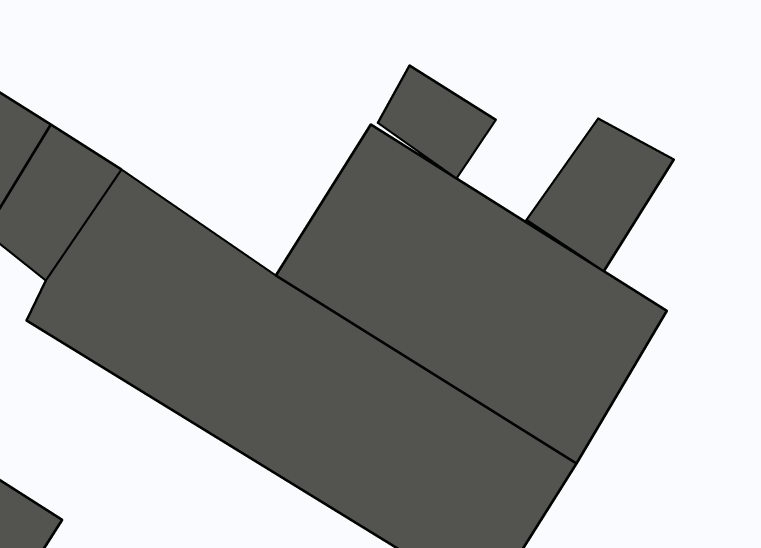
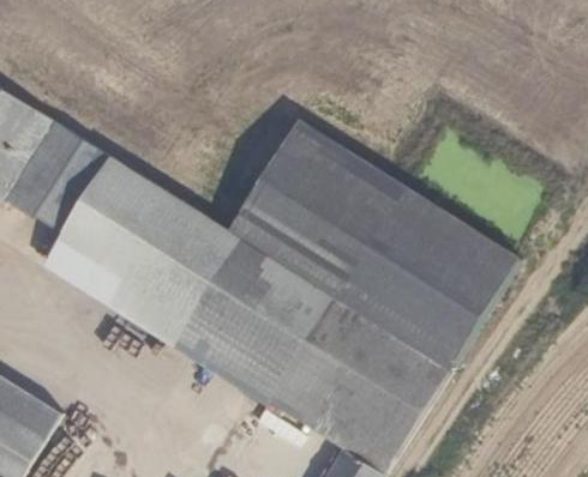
building: [378,65,496,178] -> none
building: [527,119,674,271] -> none

